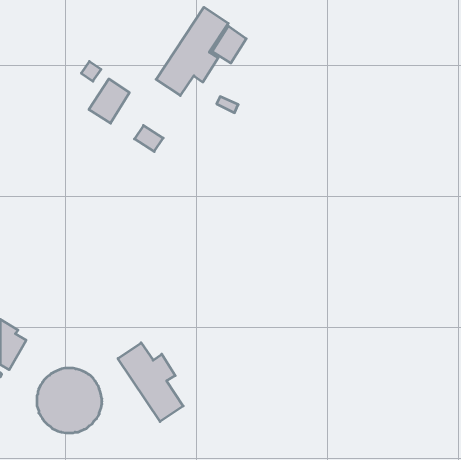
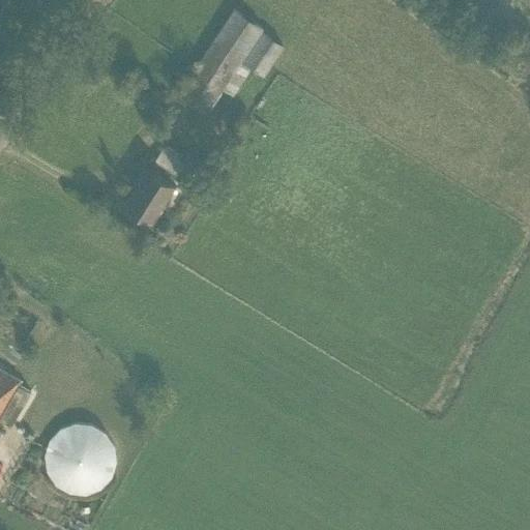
building: [89,79,129,123] -> [126,170,173,220]
building: [118,343,183,422] -> none

